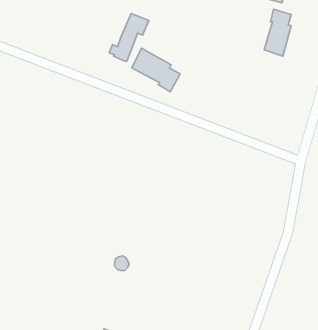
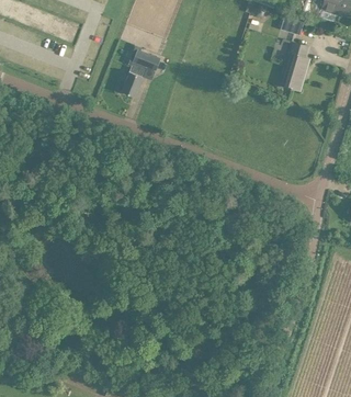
building: [132,48,180,92] -> none

